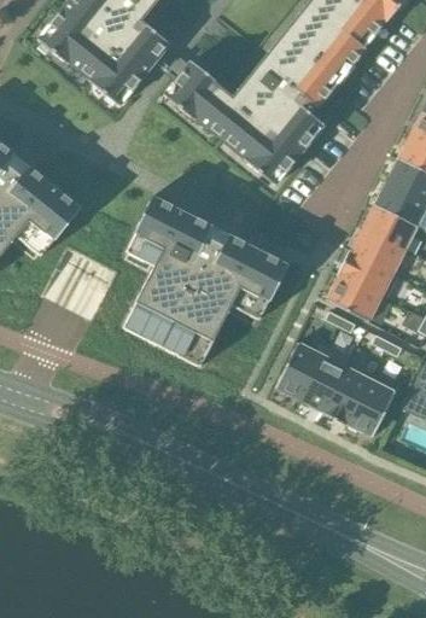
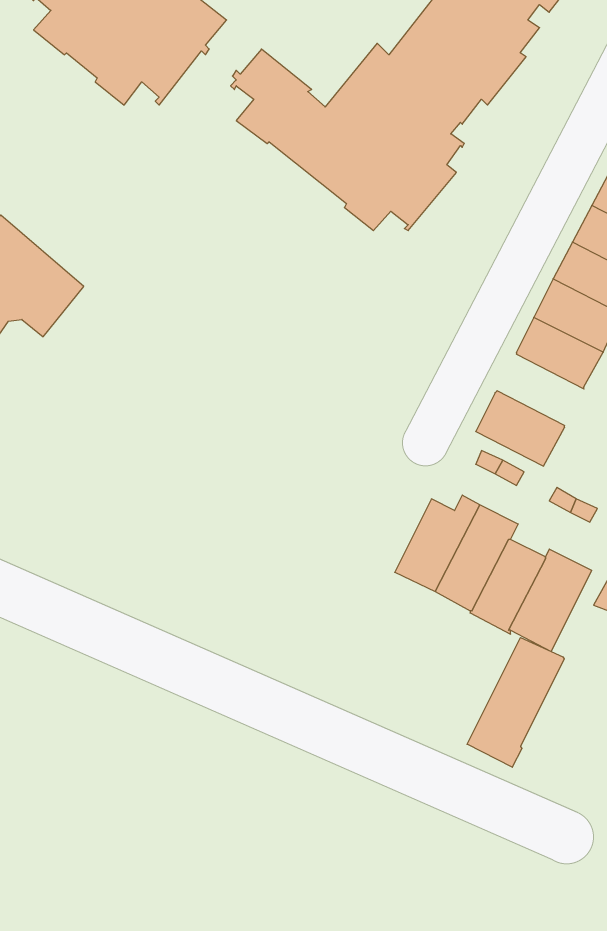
building: [123,193,290,366] -> none
building: [338,247,401,298] -> none
building: none -> [467,638,564,767]

